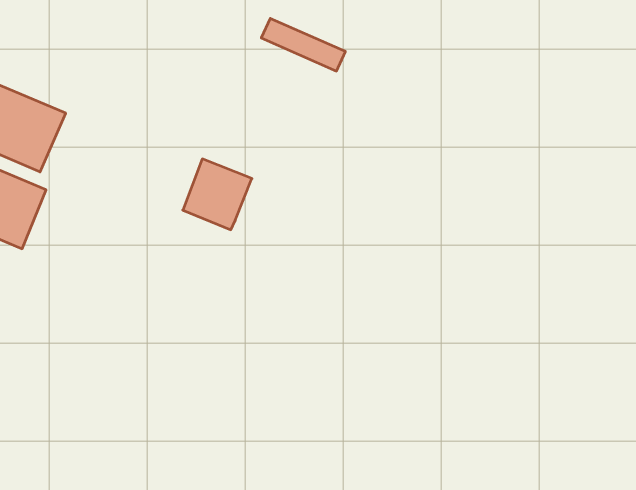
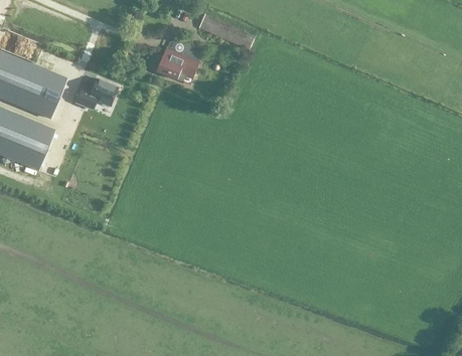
building: none -> [73,77,117,108]
building: [183,159,252,230] -> [156,37,202,84]

